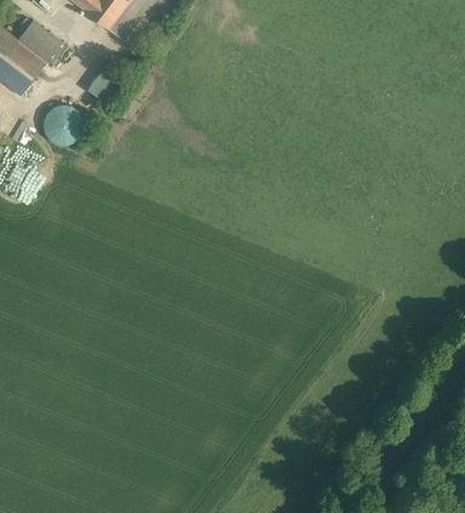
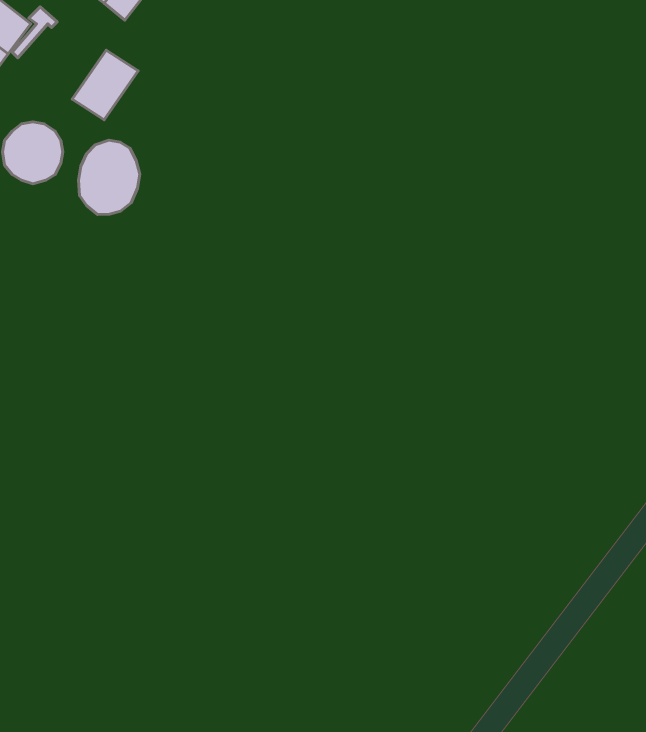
building: none -> [78,140,140,215]

